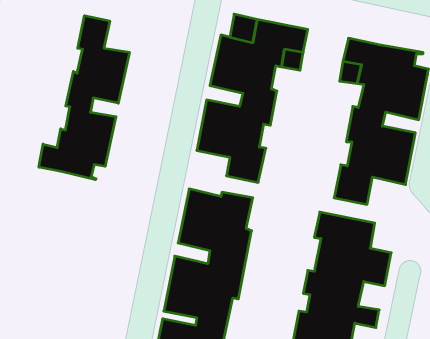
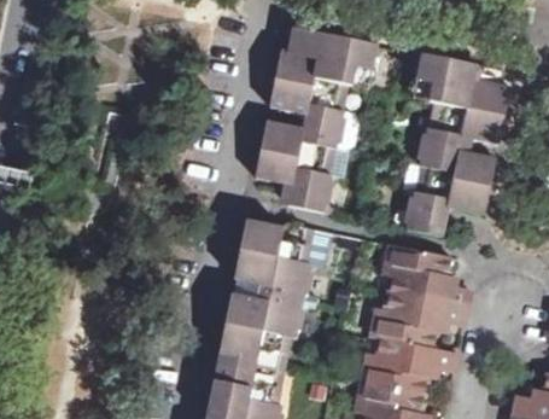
building: [39,16,129,180] -> none

